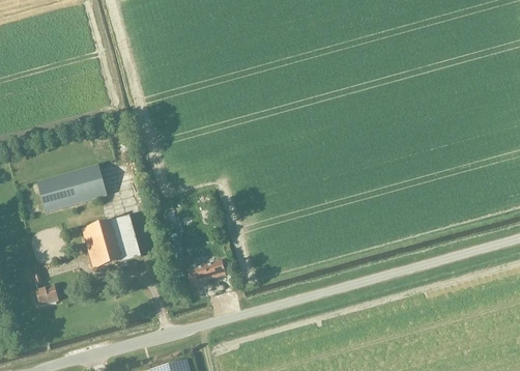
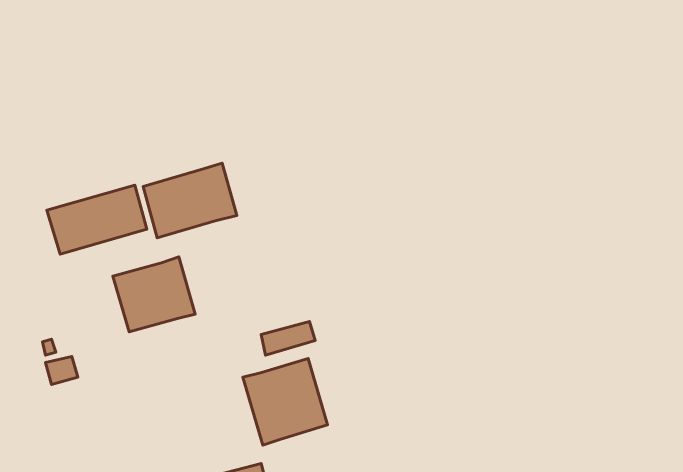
building: none -> [143,163,237,238]
building: none -> [243,358,327,445]

